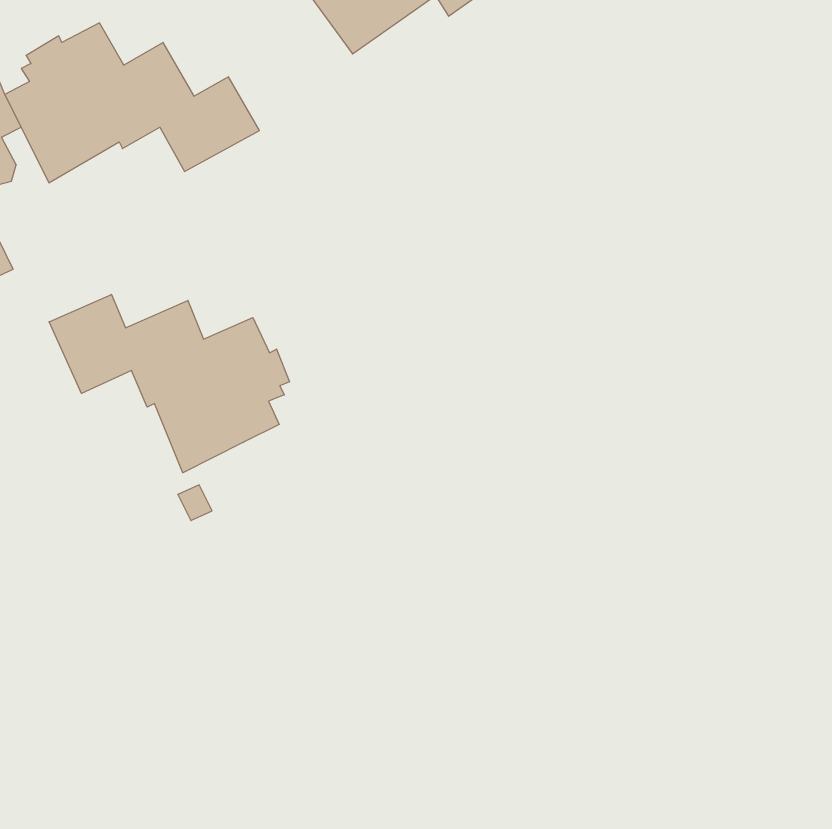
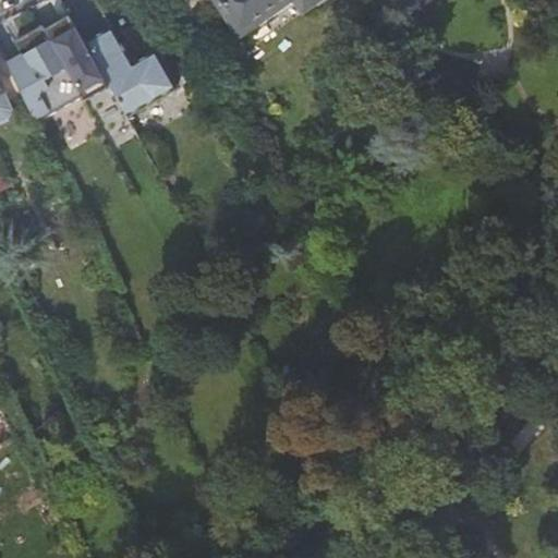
building: [49,294,289,473] -> none

